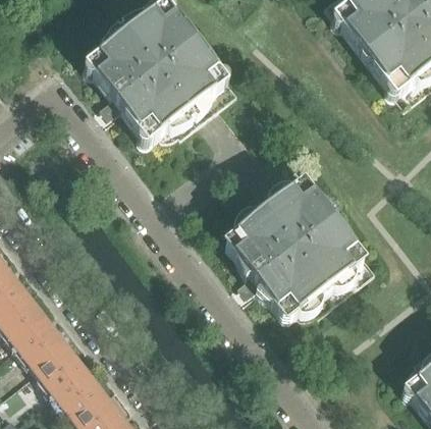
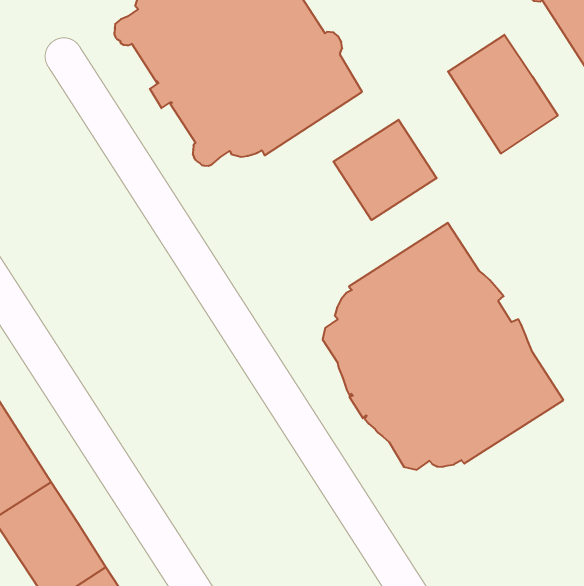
building: none -> [448,35,558,154]
building: none -> [333,120,437,220]

